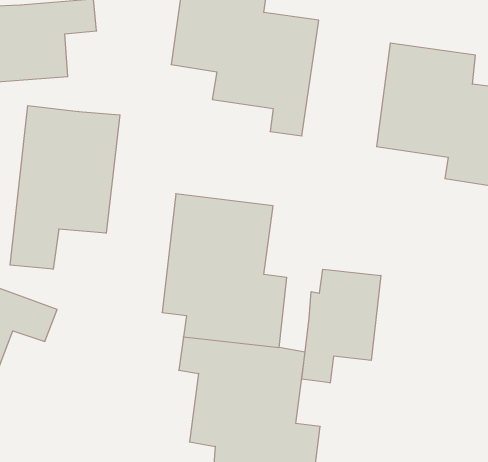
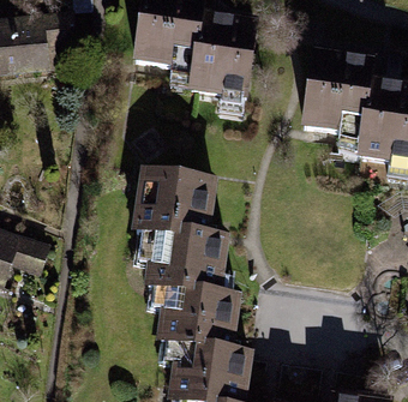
building: [10,106,120,269] -> none
building: [302,269,381,383] -> none

